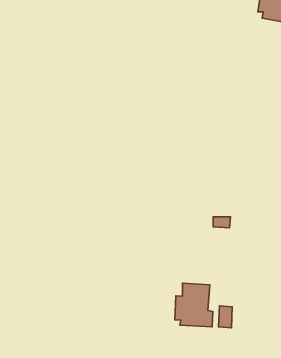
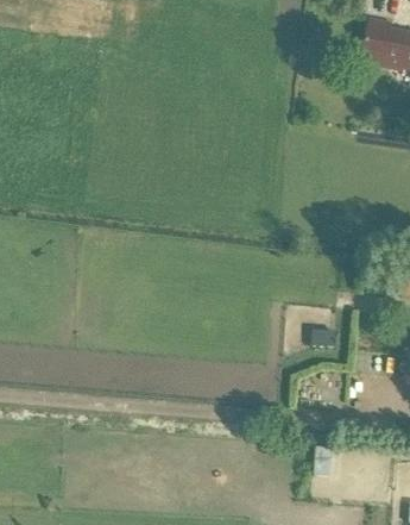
building: [175,283,213,327] -> none

